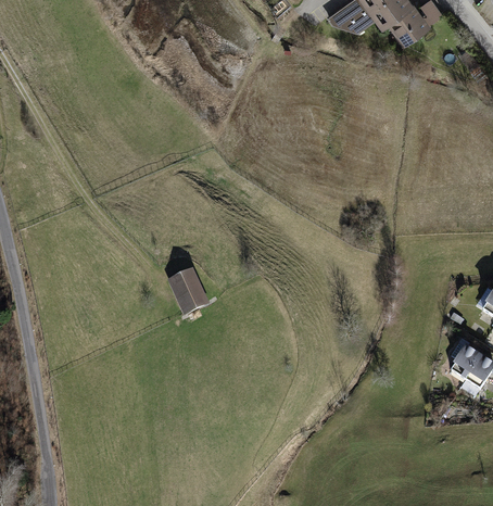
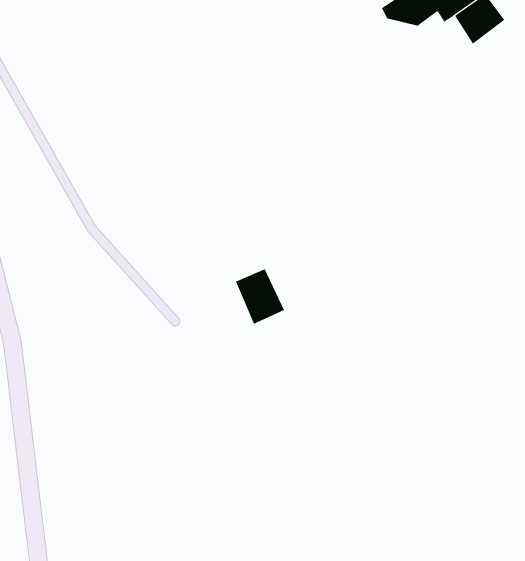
building: [168,268,210,315] -> [235,268,285,325]

